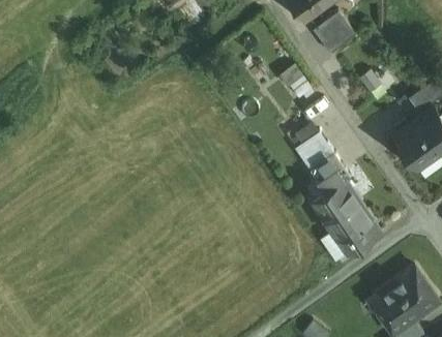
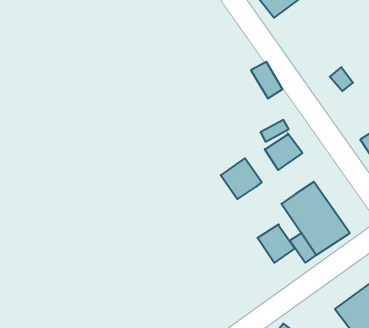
building: [313,9,356,53] -> none
building: [310,152,350,192] -> [221,158,262,199]
building: none -> [257,224,295,263]

